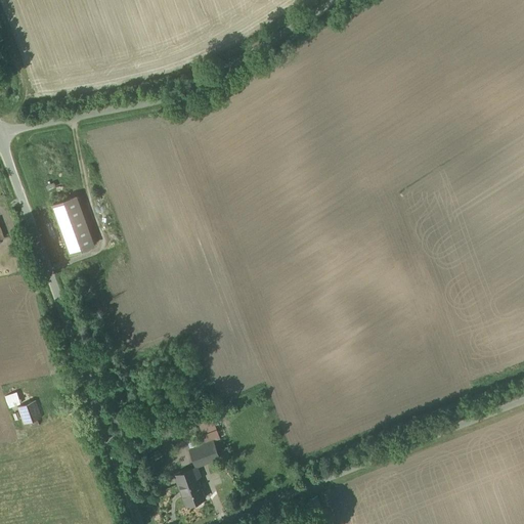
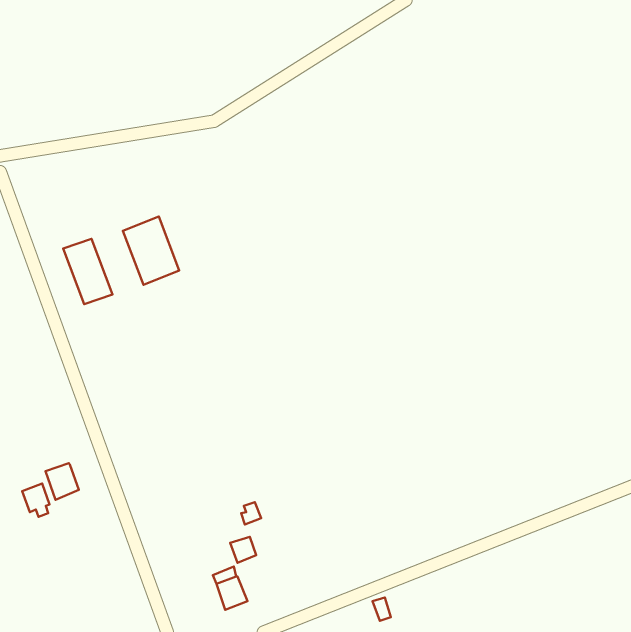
building: none -> [123,216,179,285]
building: none -> [45,463,79,500]

